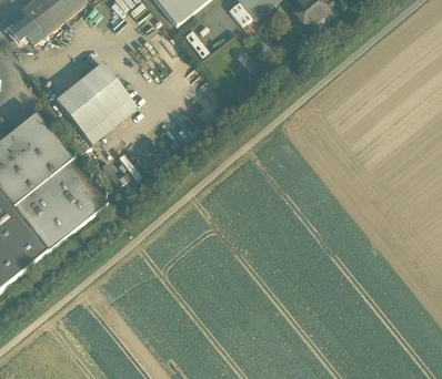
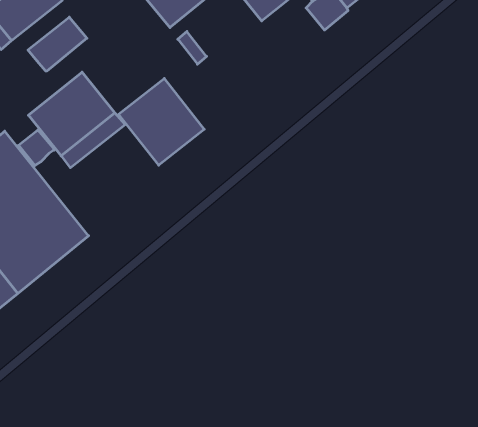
building: none -> [28,17,87,71]
building: none -> [119,78,204,165]
building: none -> [18,130,54,166]

